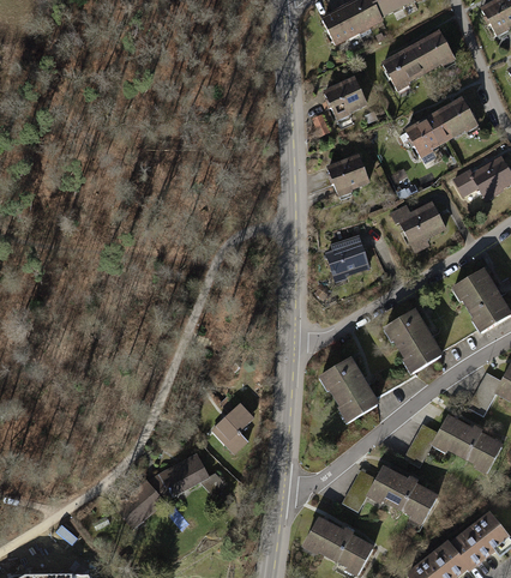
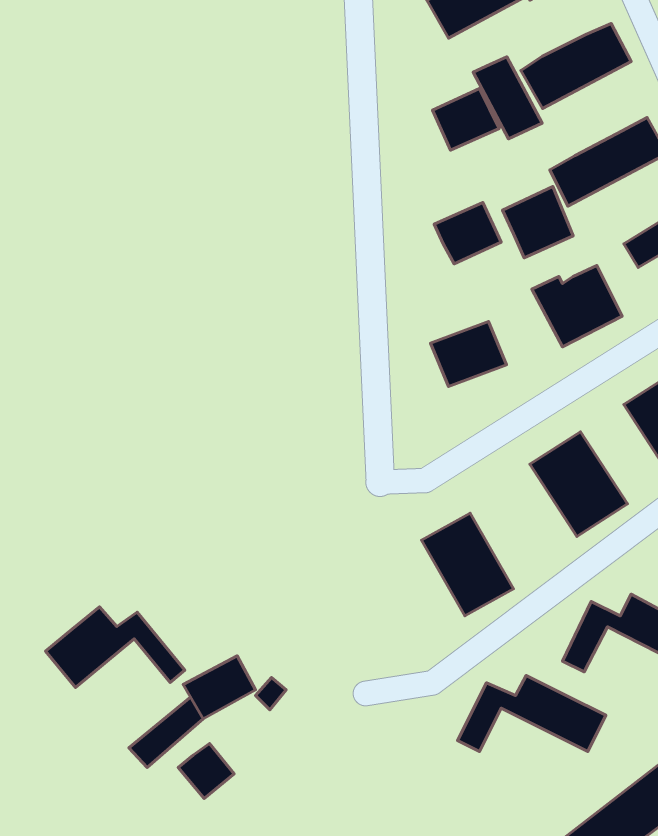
building: none -> [473,57,542,139]
building: none -> [503,187,573,258]
building: [210,398,259,453] -> none
building: none -> [46,607,185,687]
building: none -> [178,743,234,798]
building: [308,517,373,566] -> none

